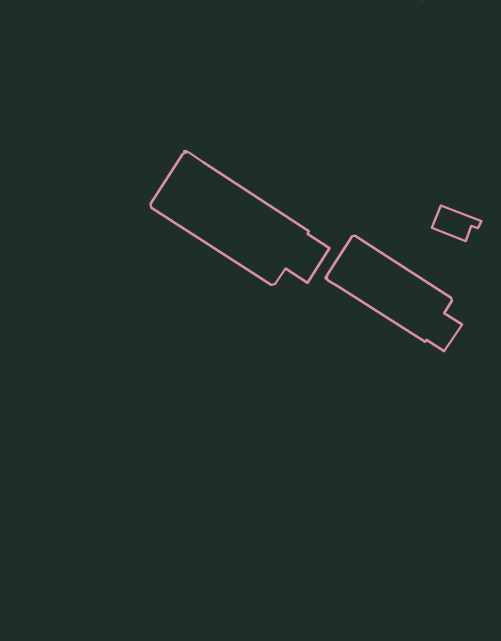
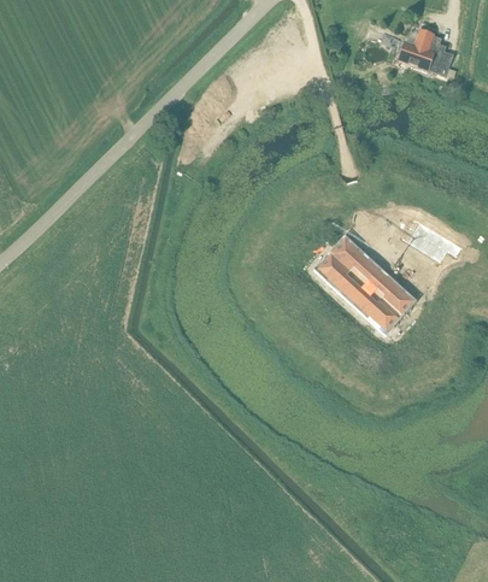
building: [150,151,329,285] -> none

